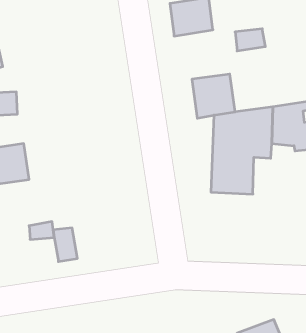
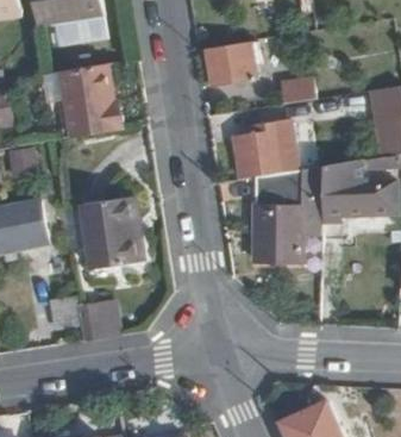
building: none -> [54,62,115,138]
building: none -> [80,198,137,269]

